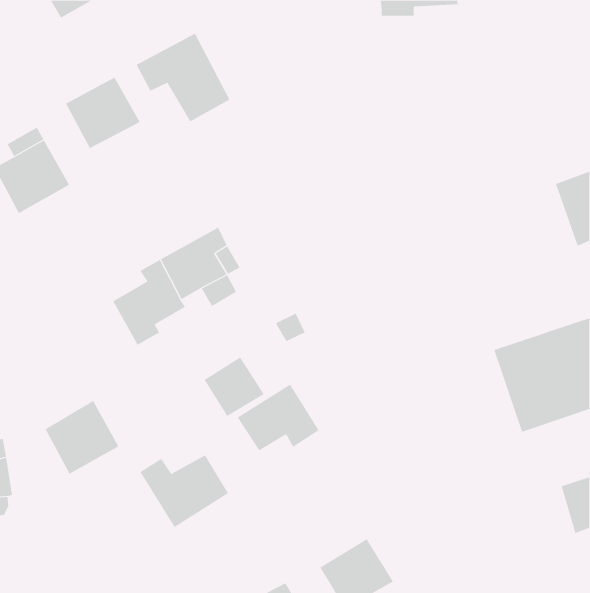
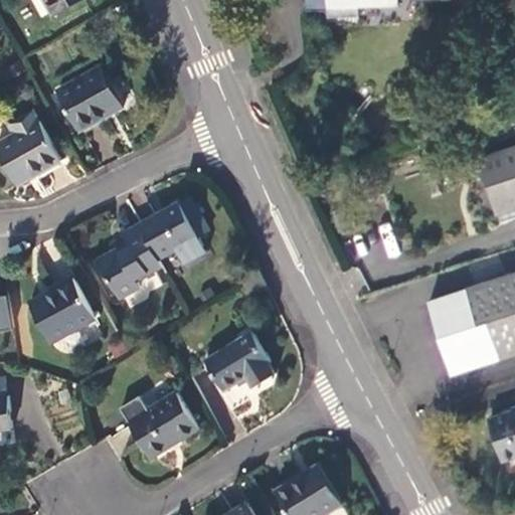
building: [136,33,230,122] -> none
building: [204,356,265,417] -> none
building: [45,400,119,474] -> [30,279,95,343]

